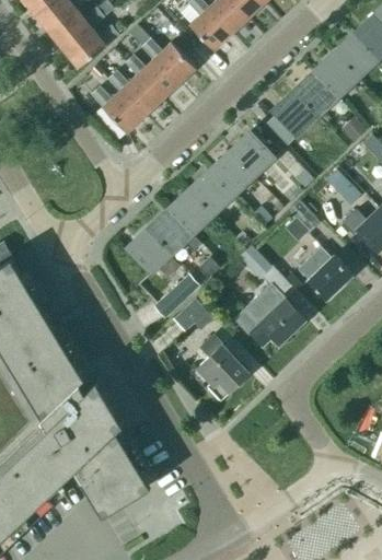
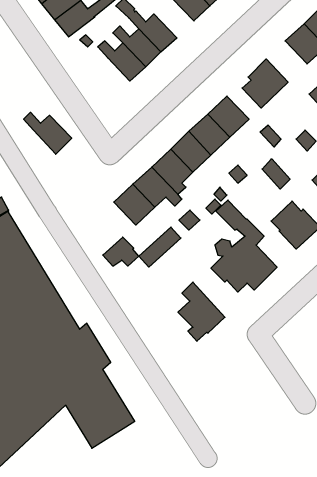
building: [292,72,337,117] -> none
building: [91,88,143,133] -> [24,112,72,154]
building: [172,300,211,331] -> [103,237,139,266]

